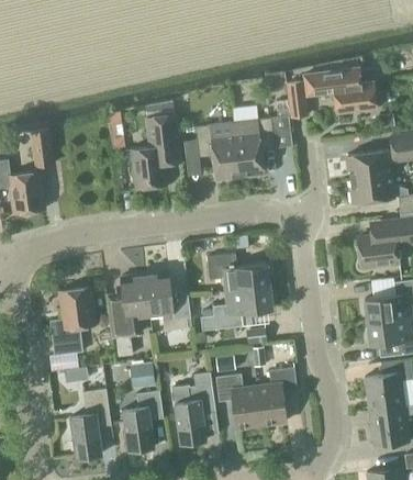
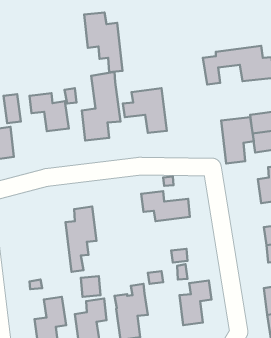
building: none -> [84,13,123,72]
building: [233,118,275,177] -> [221,117,254,164]
building: none -> [30,93,69,131]
building: [144,271,190,331] -> none
building: [200,287,272,332] -> none
building: [49,288,94,356] -> none
building: [215,375,260,428] -> none

